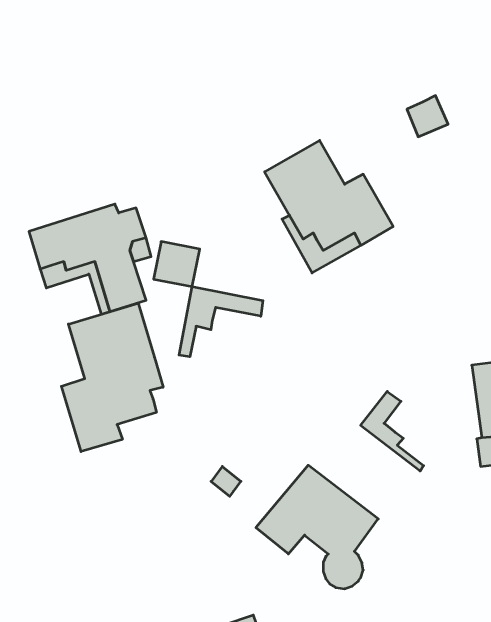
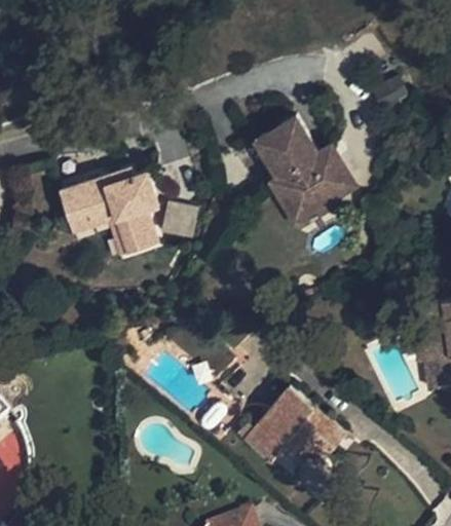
building: [179,287,263,357] -> none
building: [61,303,163,452] -> none
building: [361,391,424,471] -> none

